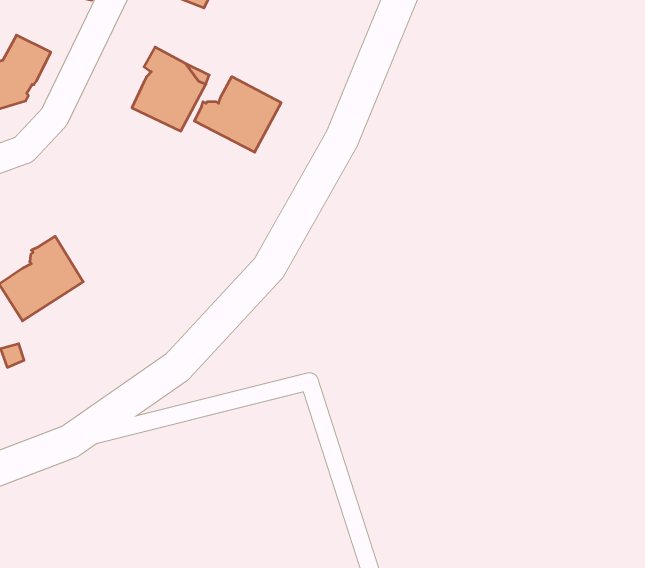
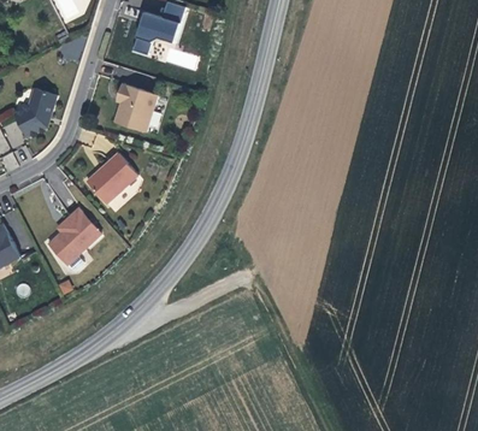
building: [194,77,281,152] -> none
building: none -> [85,152,138,202]

